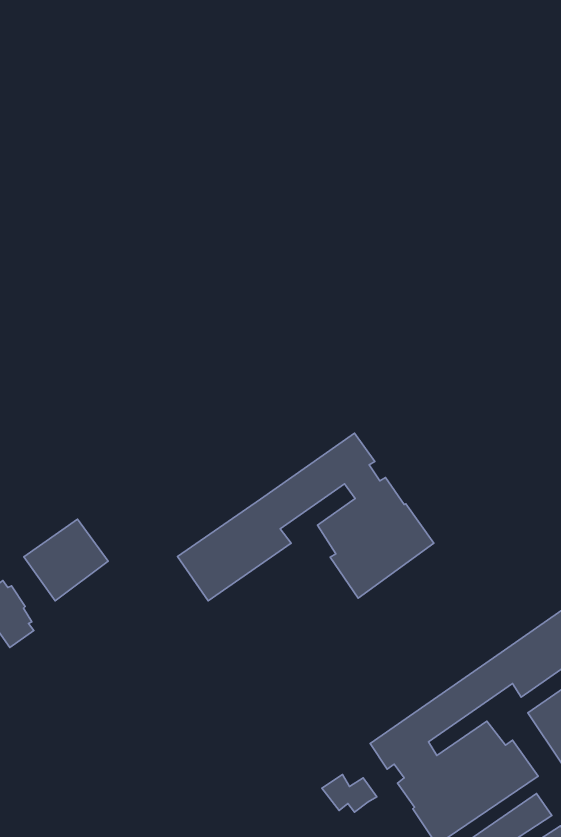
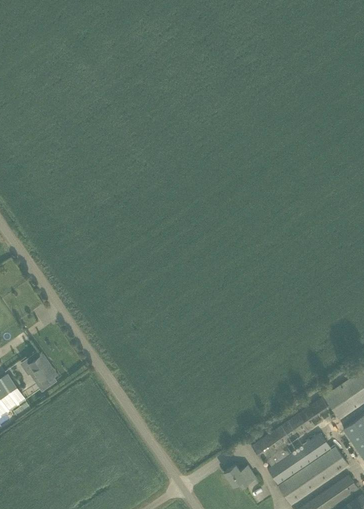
building: [178,433,434,601] -> none
building: [24,519,108,601] -> none

